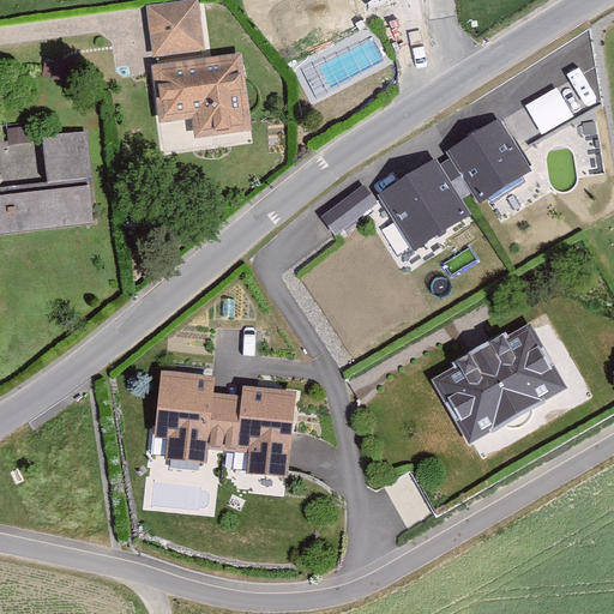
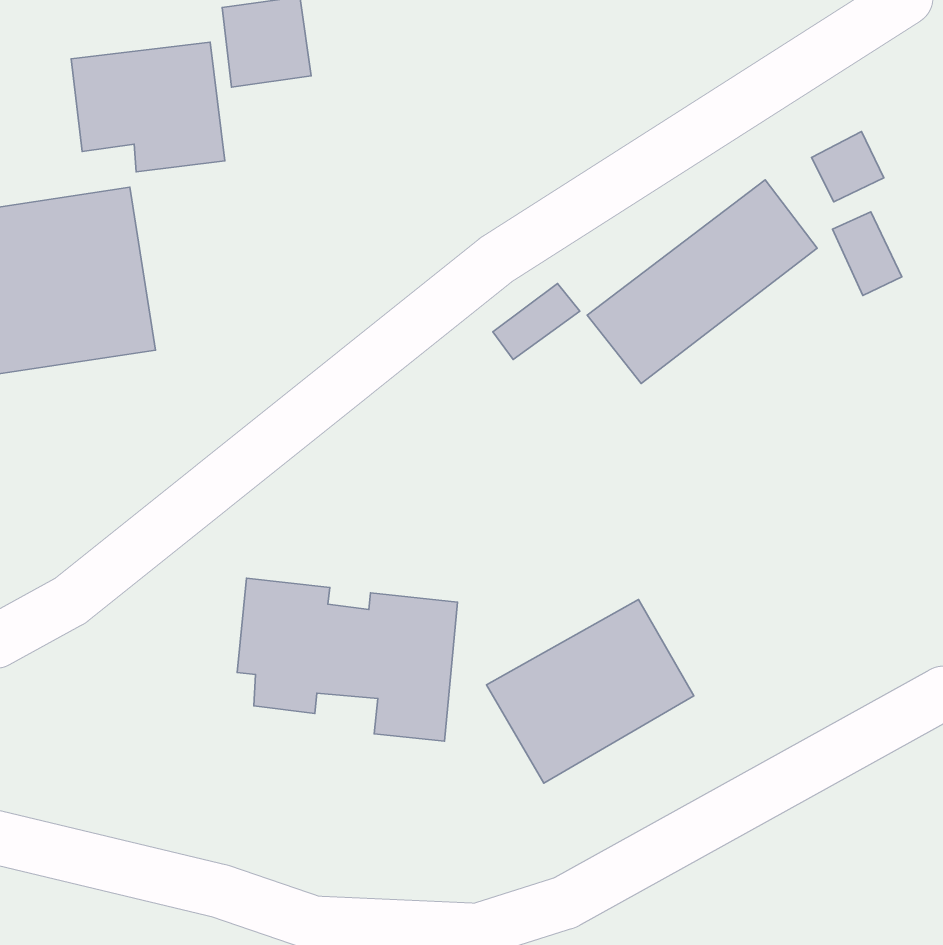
building: [150,52,249,136] -> [71,42,225,172]
building: none -> [832,212,902,296]
building: [431,325,565,444] -> [486,600,694,783]

